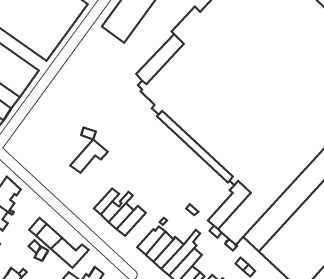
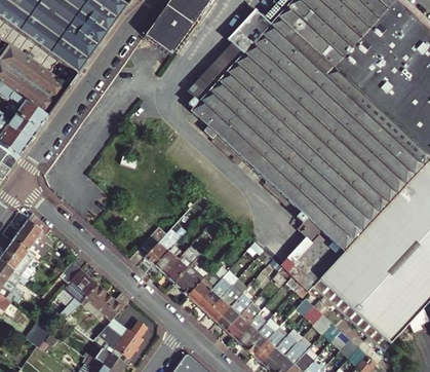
building: [70,139,108,173] -> none
building: none -> [172,255,204,296]

